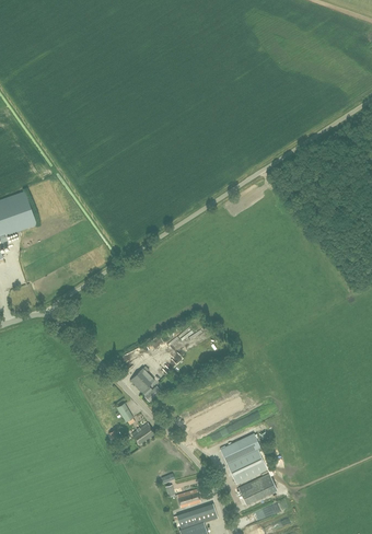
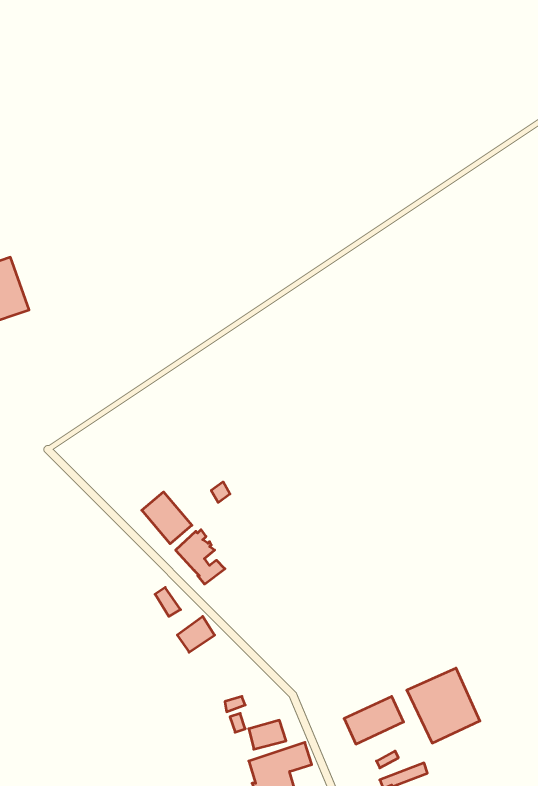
building: none -> [142,492,192,544]
building: [219,434,266,483] -> [407,668,480,743]

